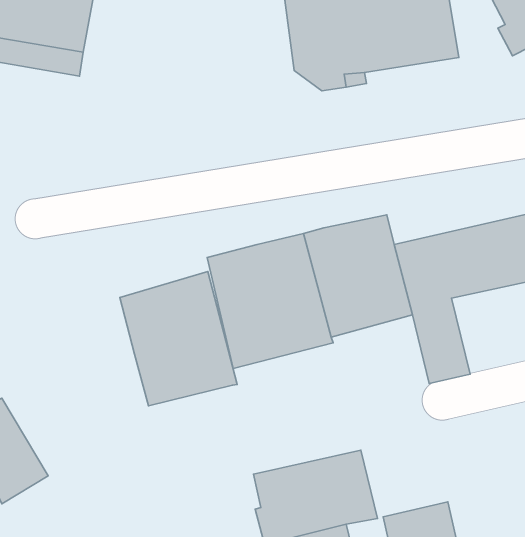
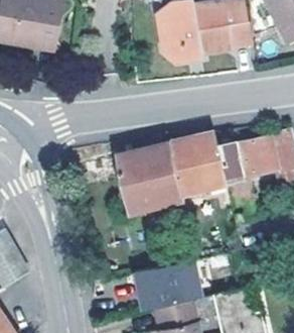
building: [120,272,237,406] -> none

